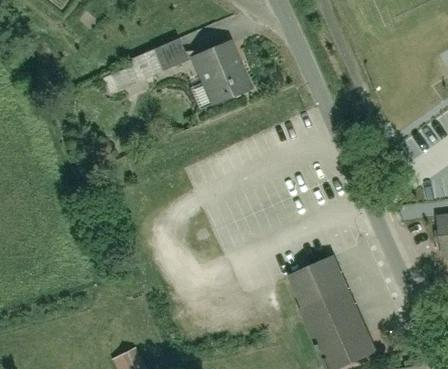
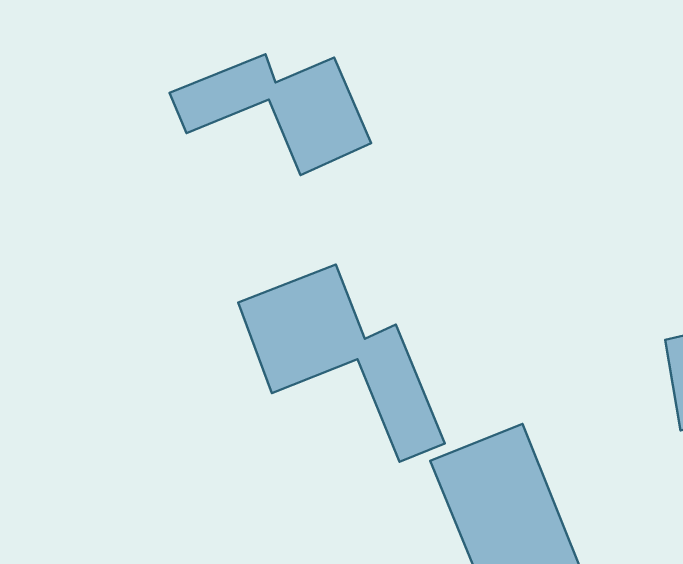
building: none -> [238,265,445,462]

